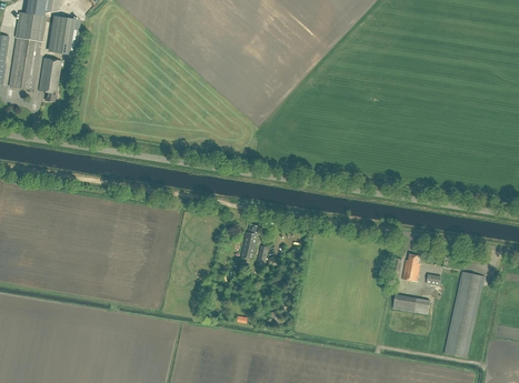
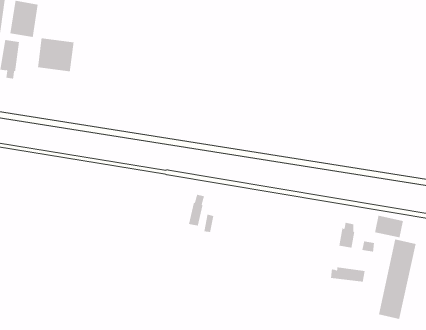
building: none -> [37,37,74,72]
building: none -> [375,215,403,238]

